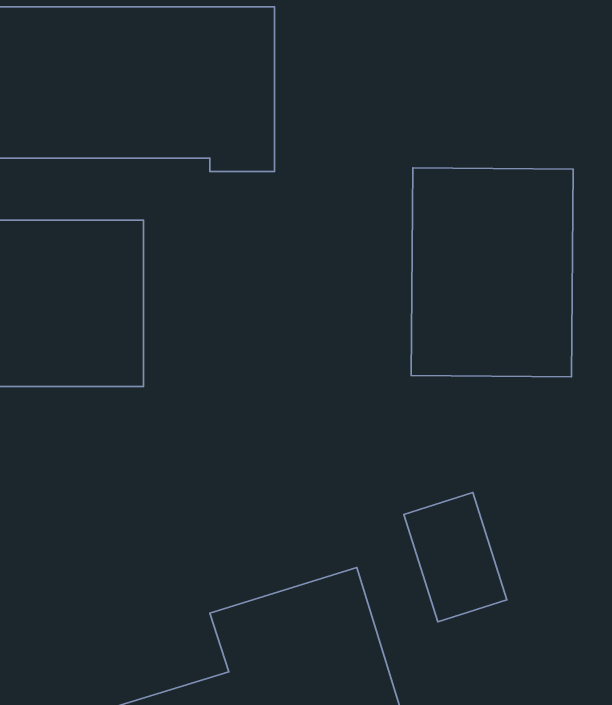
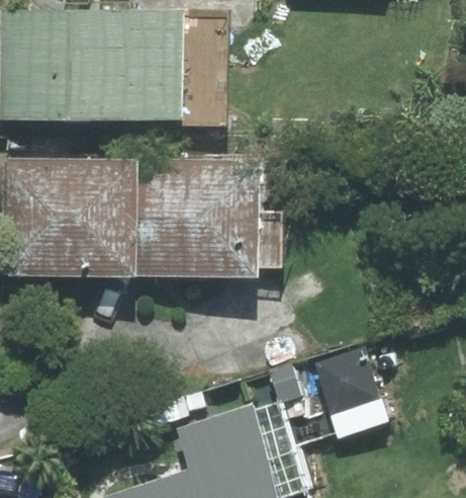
building: [411,168,573,377] -> none
building: none -> [134,160,280,276]

